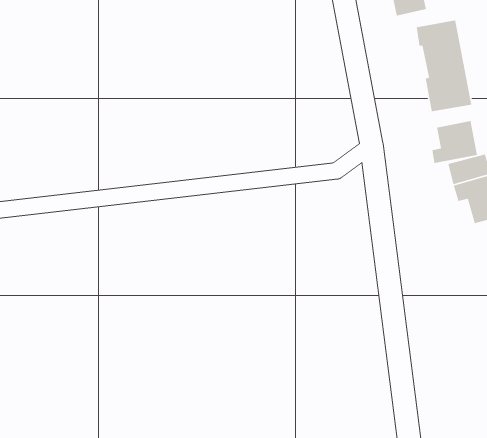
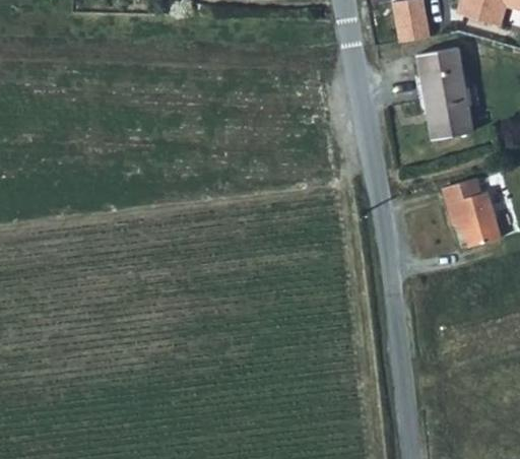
building: [432,120,478,164] -> none

